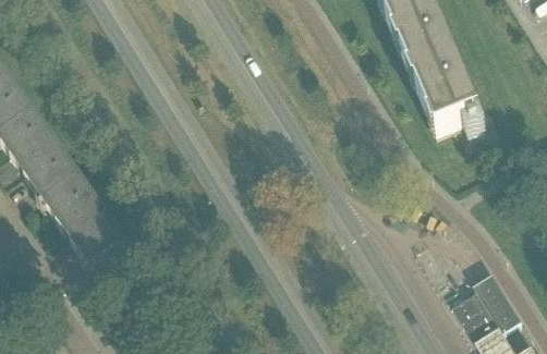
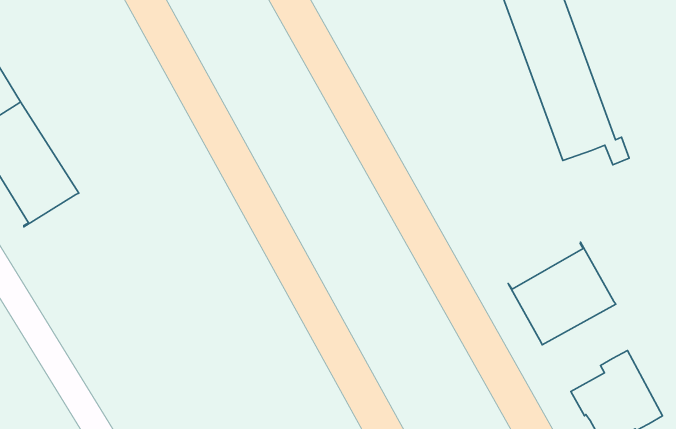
building: [39,171,125,264] -> none
building: none -> [508,242,616,345]

